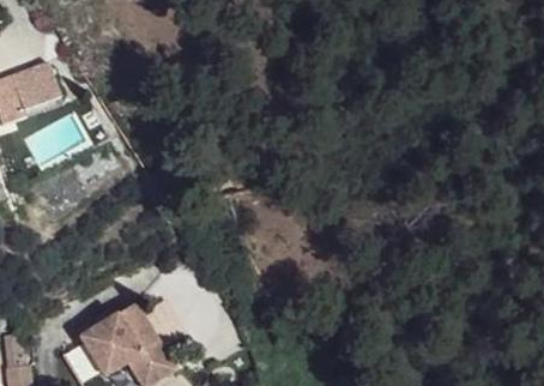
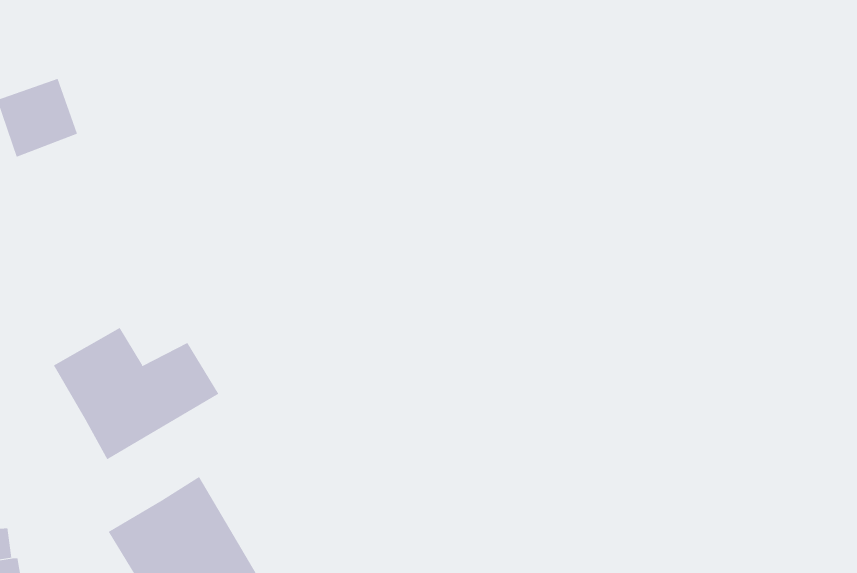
building: none -> [53,327,219,460]

